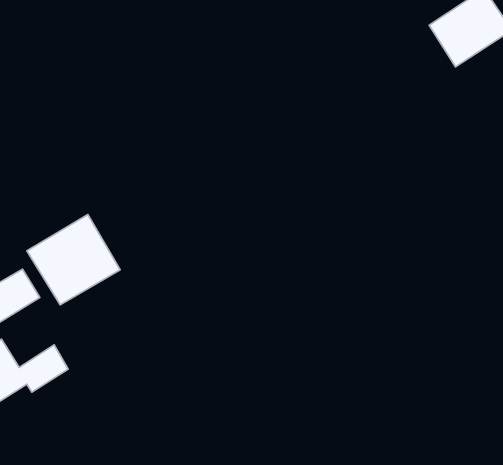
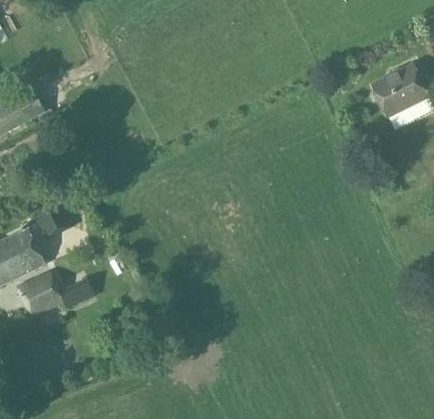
building: [27,214,120,305] -> none

